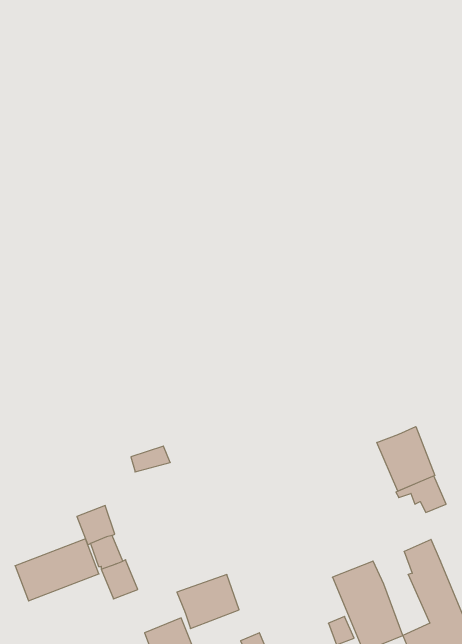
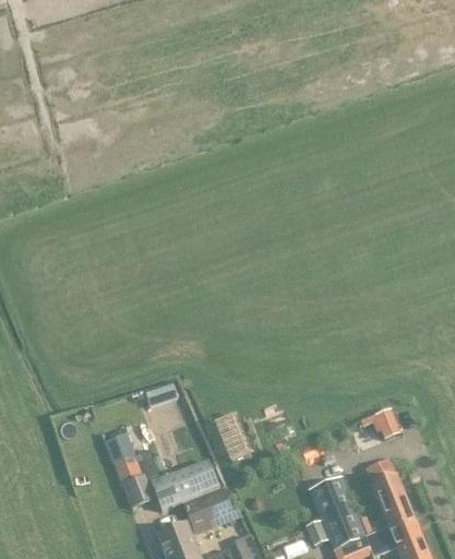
building: [377,427,435,491] -> none
building: [15,539,99,601] -> [152,459,219,509]

